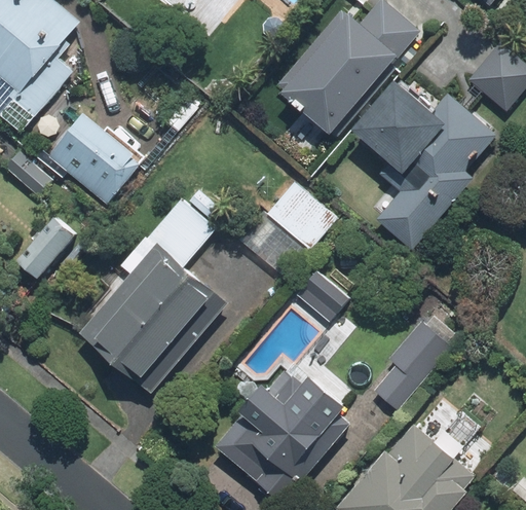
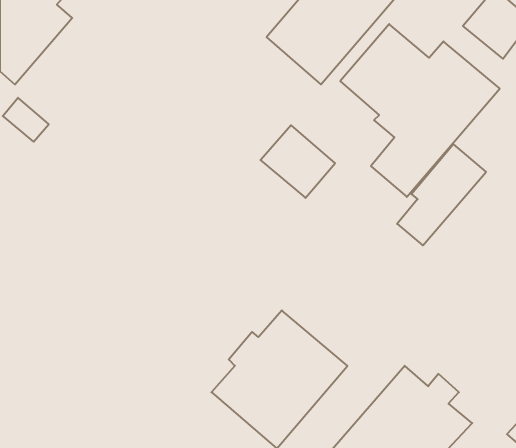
building: [48,116,145,204] -> none
building: [75,188,230,396] -> none
building: [11,217,74,282] -> none
building: [293,269,350,325] -> none
building: [374,309,463,411] -> [397,144,486,245]

